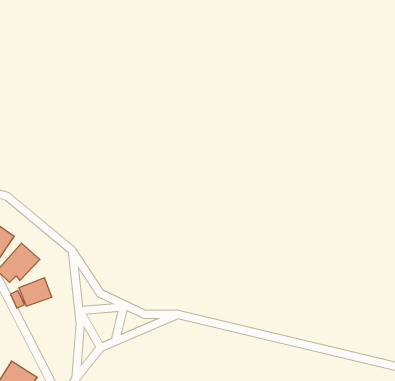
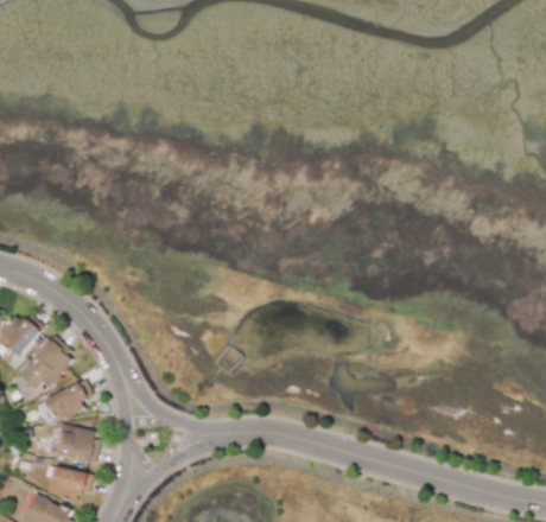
building: none -> [55,424,99,461]
building: none -> [47,465,91,501]

